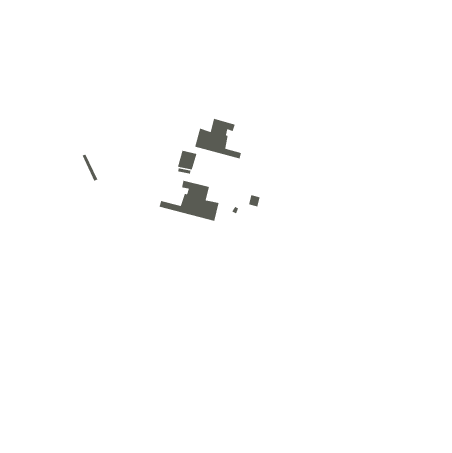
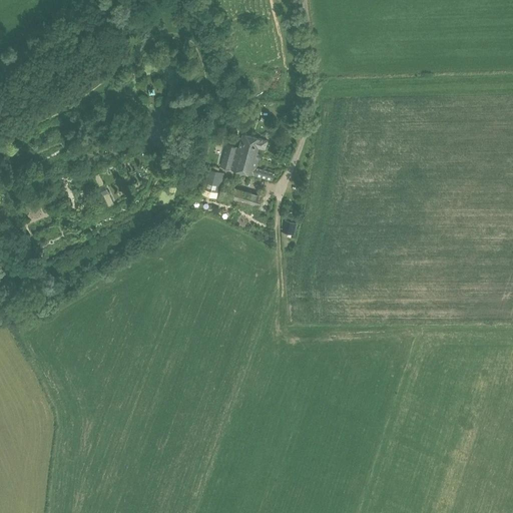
building: [159,180,220,222] -> none

